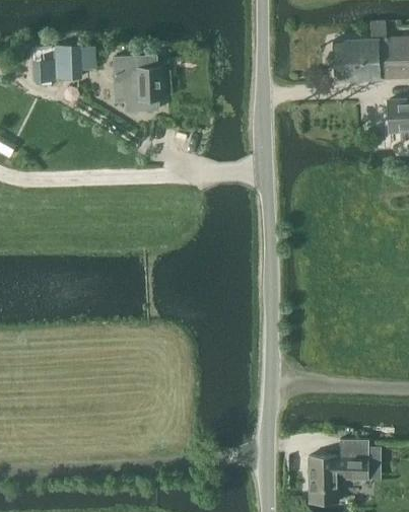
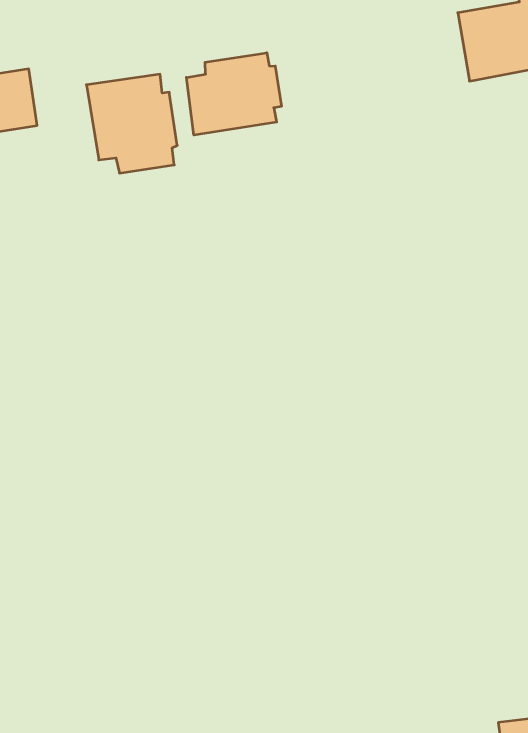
building: none -> [186,53,281,135]

